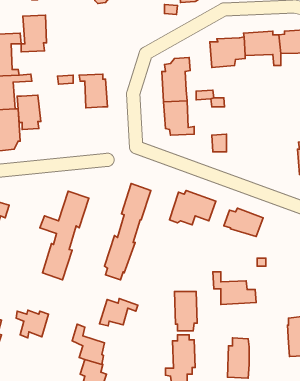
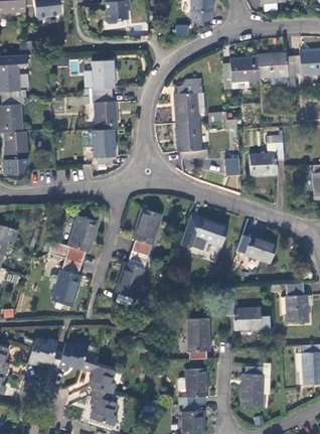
building: [21,15,47,52] -> [89,59,115,97]
building: [17,95,41,129] -> [92,129,116,164]
building: none -> [250,135,284,175]
building: none -> [285,282,308,322]
building: [99,298,138,326] -> [57,341,97,370]

